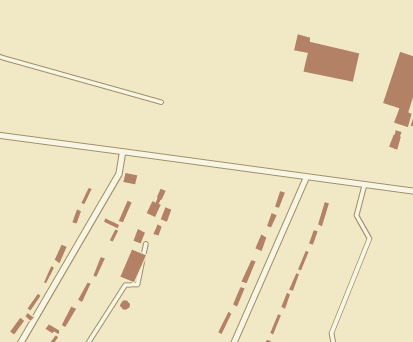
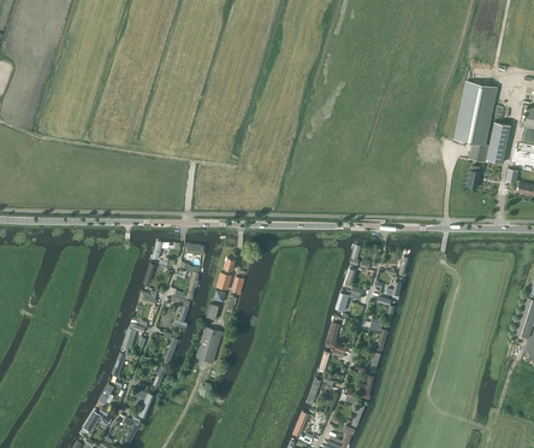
building: [294,34,360,83] -> none

